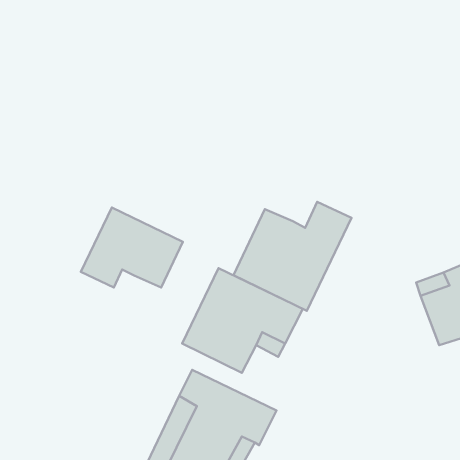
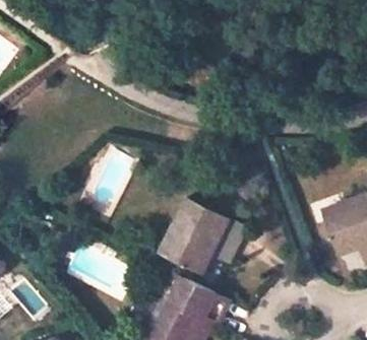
building: [233,202,352,311] -> none
building: [81,208,183,288] -> none

